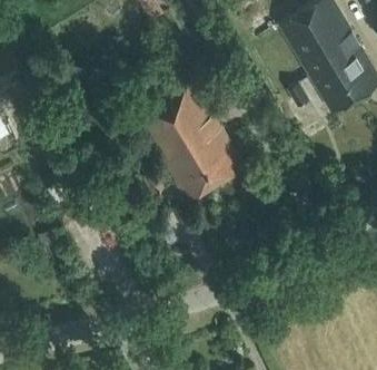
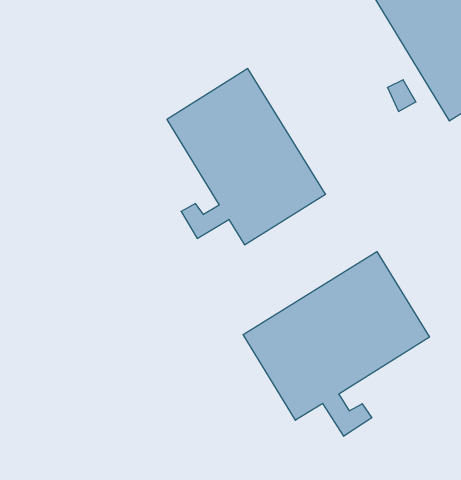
building: none -> [243,252,429,436]

